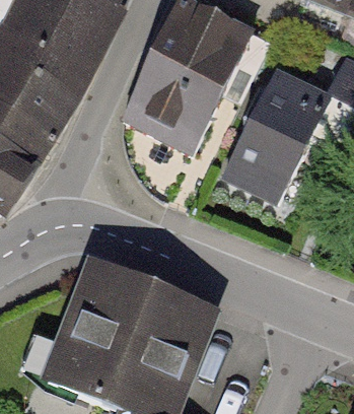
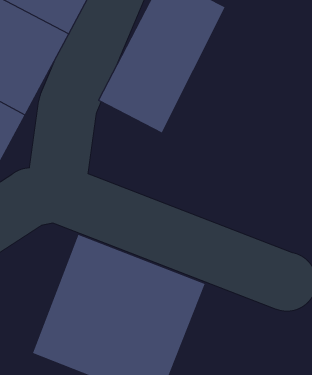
building: [224,68,332,198] -> none

